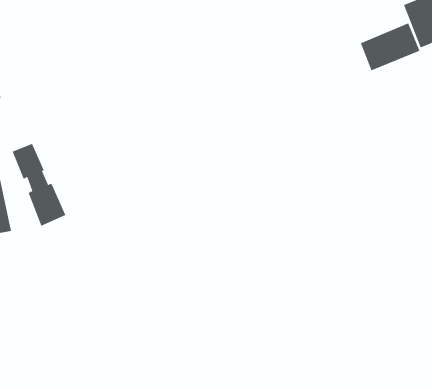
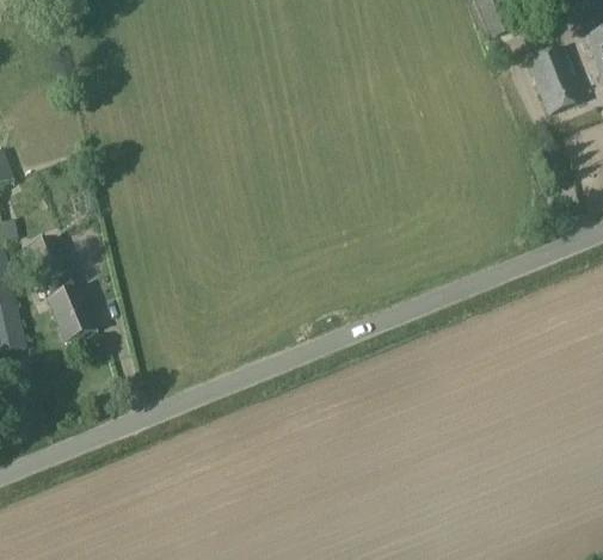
building: [360,22,420,71] -> none

